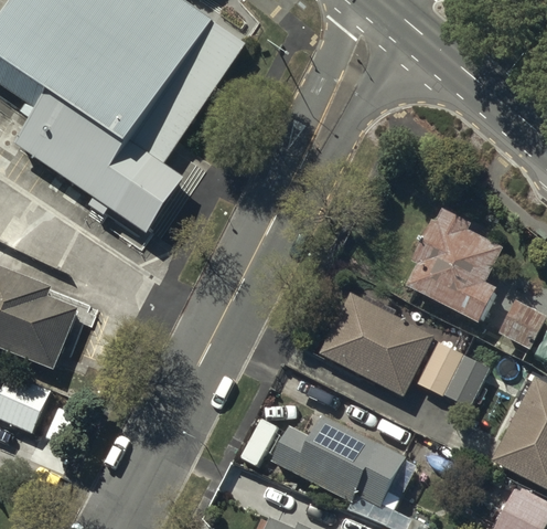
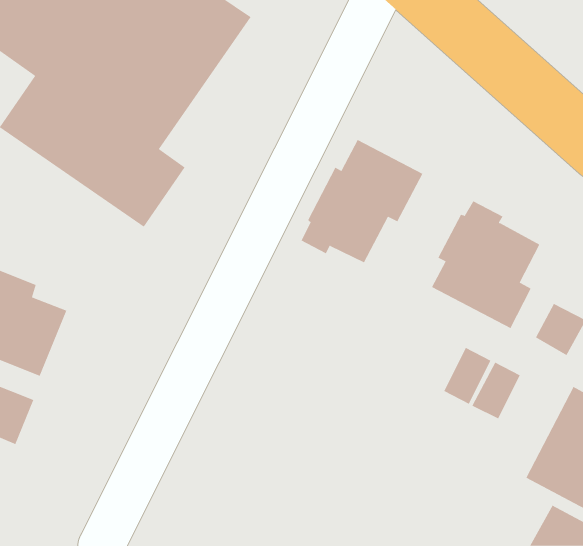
building: none -> [301,139,423,263]
building: [320,294,431,393] -> none
building: [269,419,401,506] -> none

